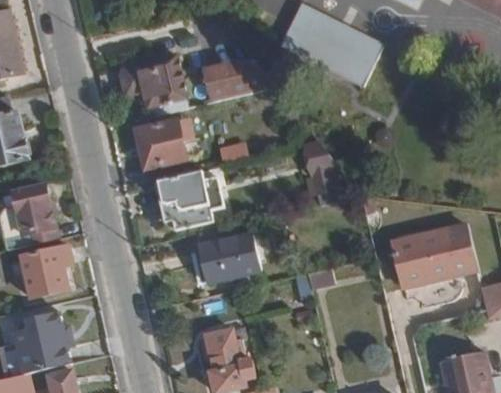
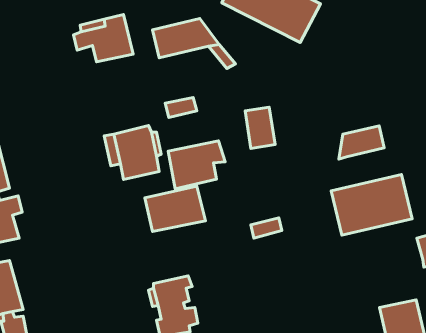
building: [137,118,196,168] -> [168,141,225,189]
building: none -> [339,126,384,159]

